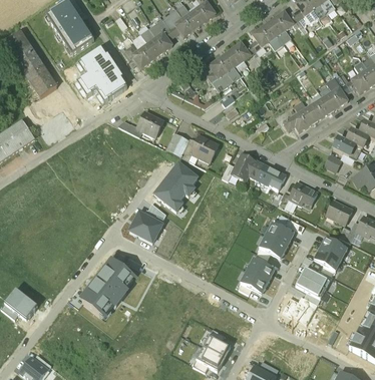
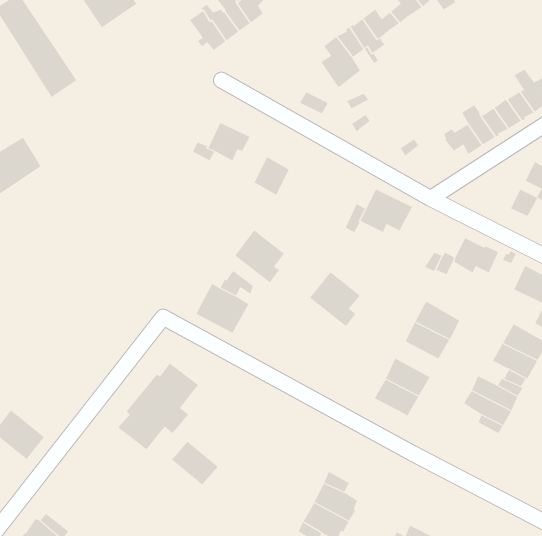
building: [77,47,126,99] -> none
building: [183,135,218,162] -> none
building: [165,161,198,196] -> [309,272,361,327]
building: [256,163,285,189] -> none
building: none -> [171,441,219,486]

